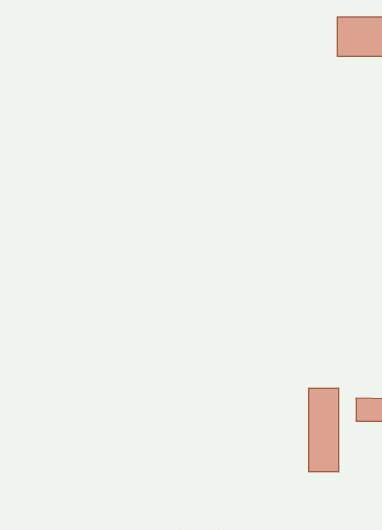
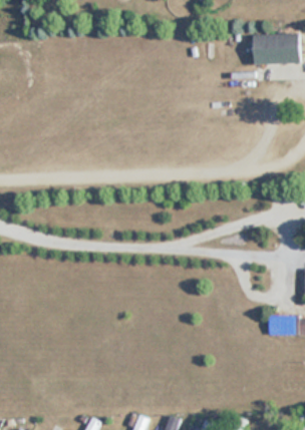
building: [309,388,339,472] -> none

